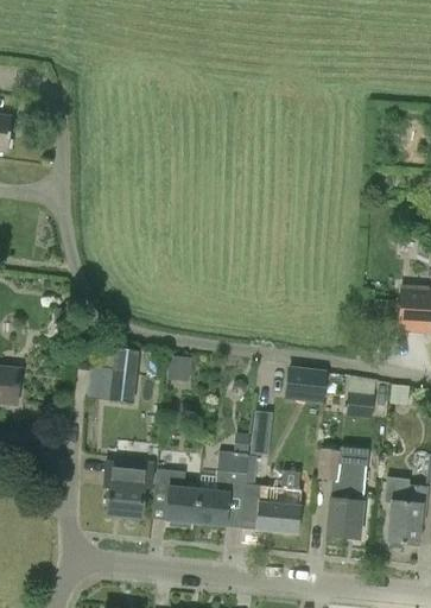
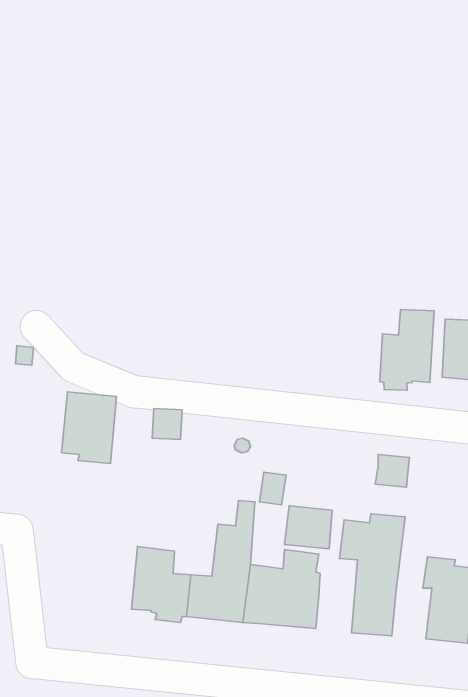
building: none -> [380,310,434,390]
building: [286,372,324,406] -> [285,506,332,549]
building: [102,458,154,518] -> none

